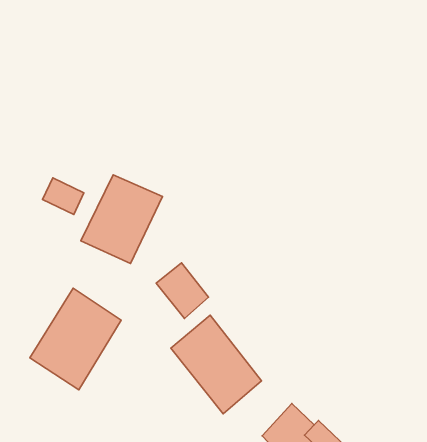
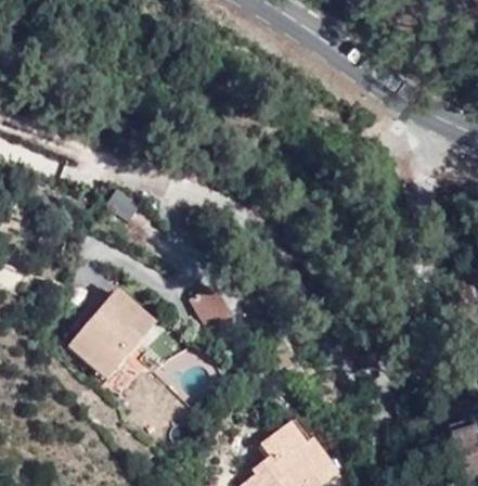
building: [81,175,163,263] -> none
building: [171,315,262,414] -> none

